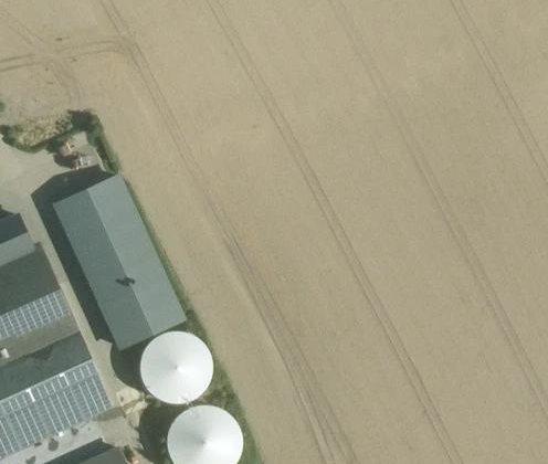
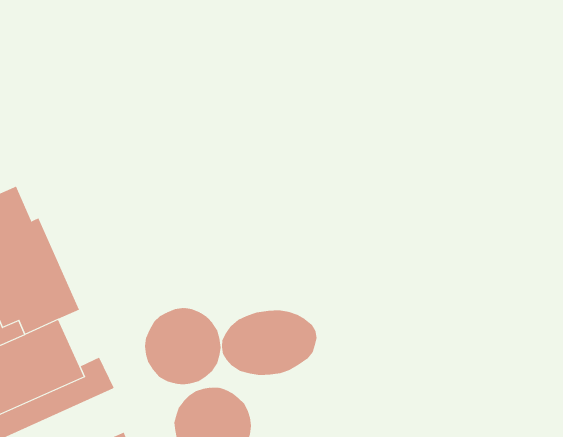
building: [55,179,181,348] -> none
building: none -> [221,310,317,376]
building: [57,334,96,387] -> none

